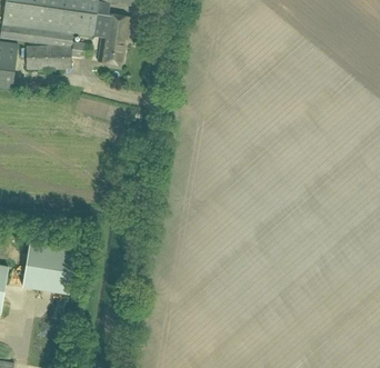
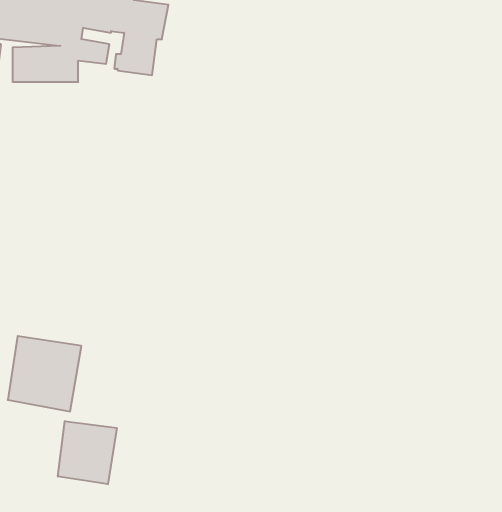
building: none -> [58,421,117,484]

